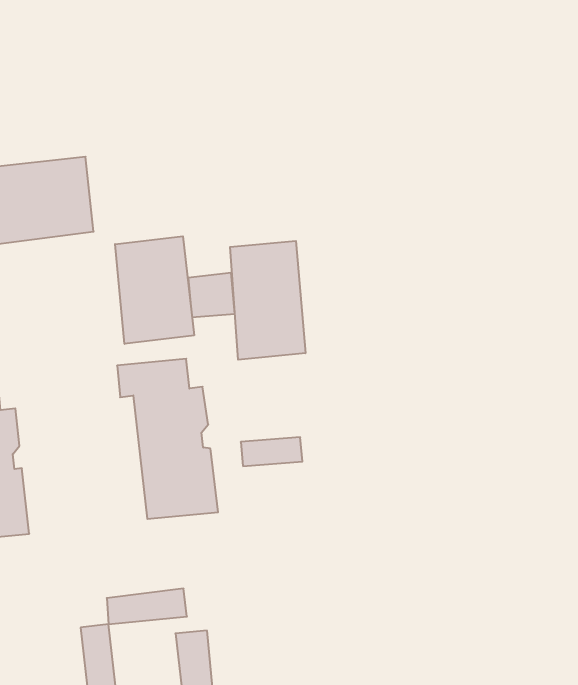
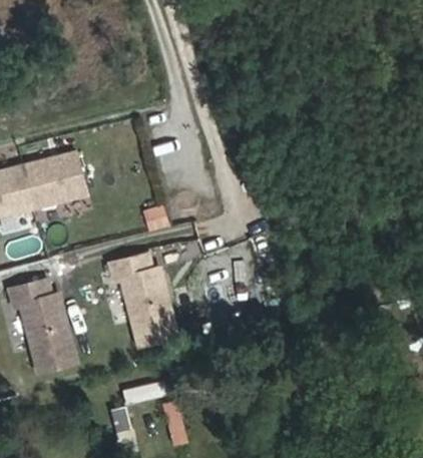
building: [115,236,194,344] -> none
building: [230,241,305,360] -> none

